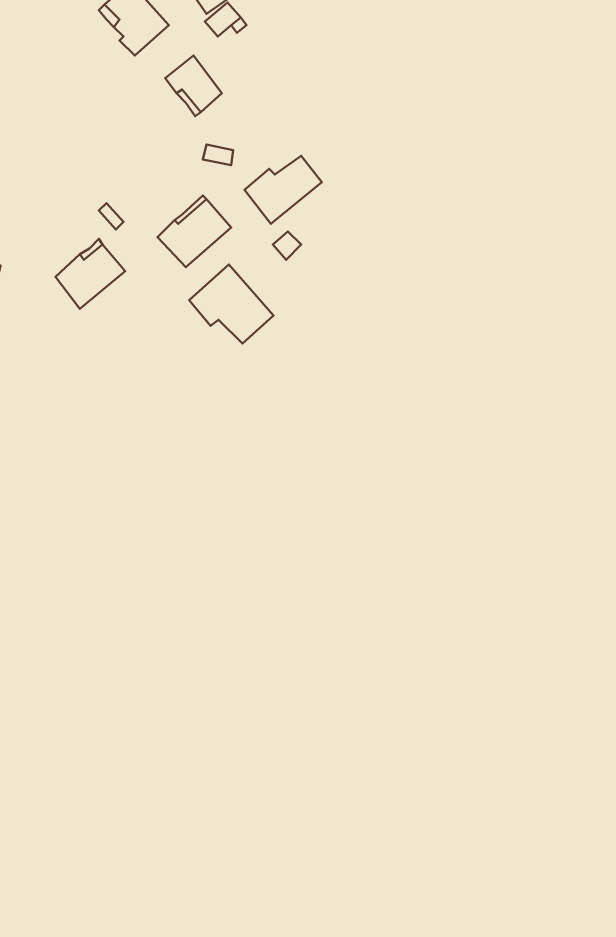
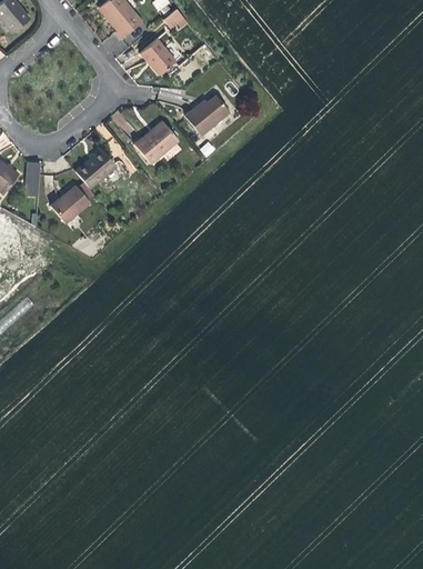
building: [189,264,274,344] -> none
building: none -> [53,186,91,223]

